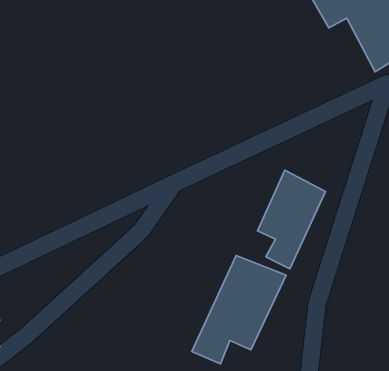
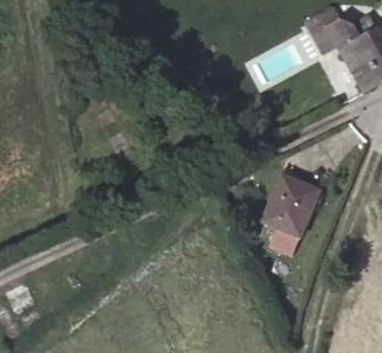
building: [192,256,286,364] -> none

